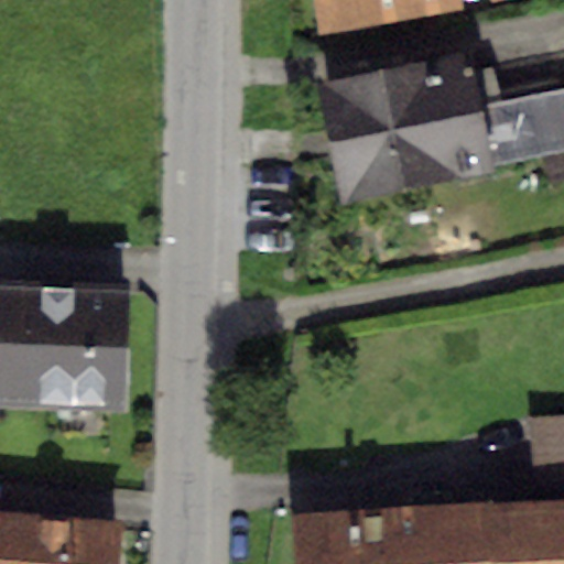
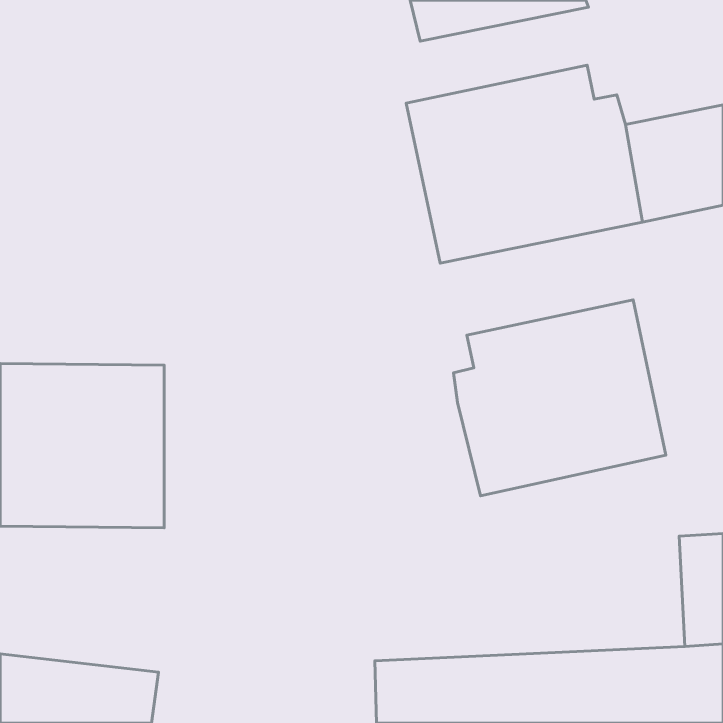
building: none -> [453,300,666,496]

